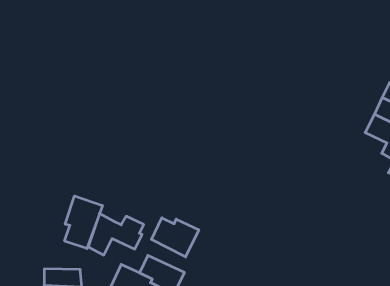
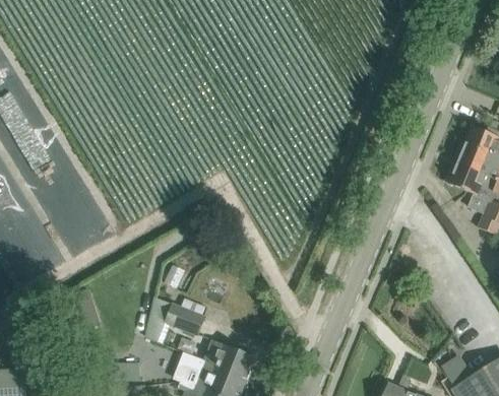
building: [65,196,102,249] -> none
building: [151,218,199,257] -> none

